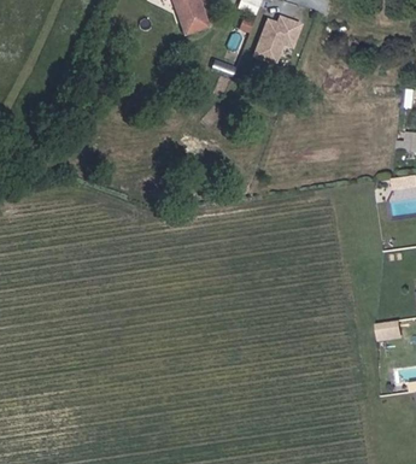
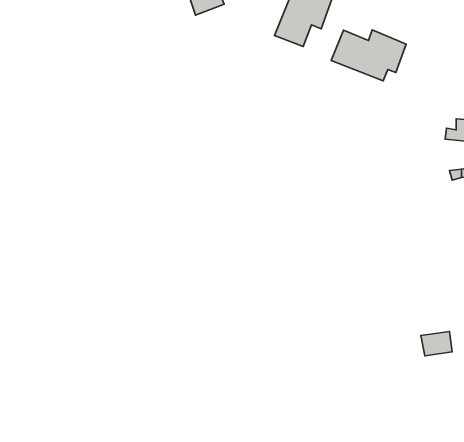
building: none -> [331,30,406,81]

